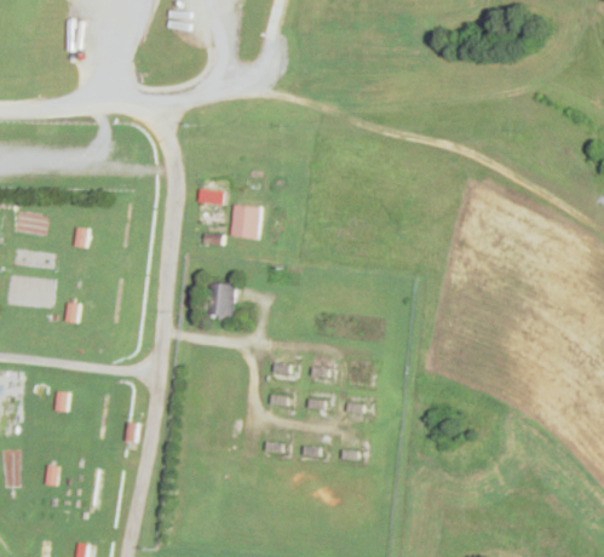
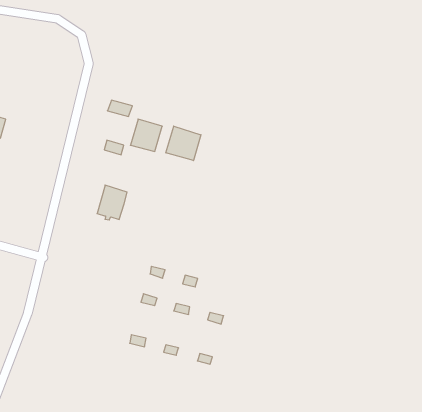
building: none -> [166,126,201,161]

